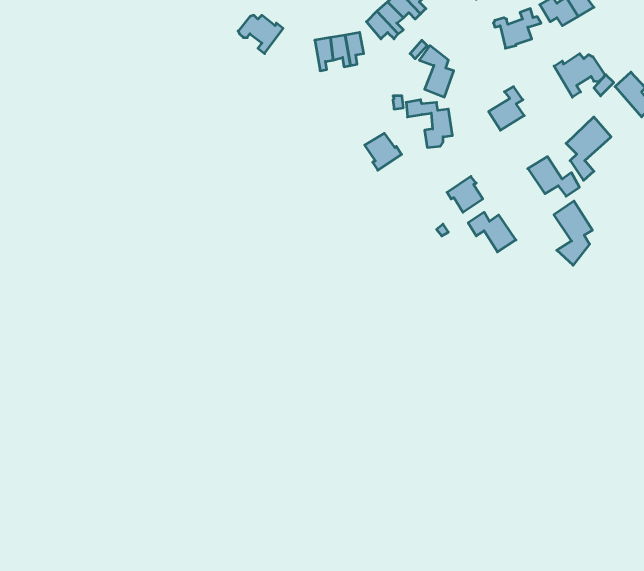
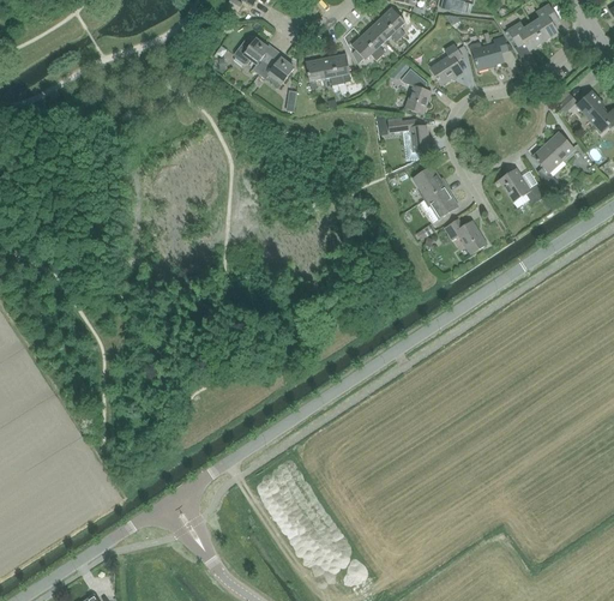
building: none -> [259,52,294,84]
building: [554,54,605,97] -> none
building: [489,87,524,130] -> [429,44,462,84]
building: [365,133,402,170] -> [413,167,446,200]
building: [554,201,592,265] -> none

